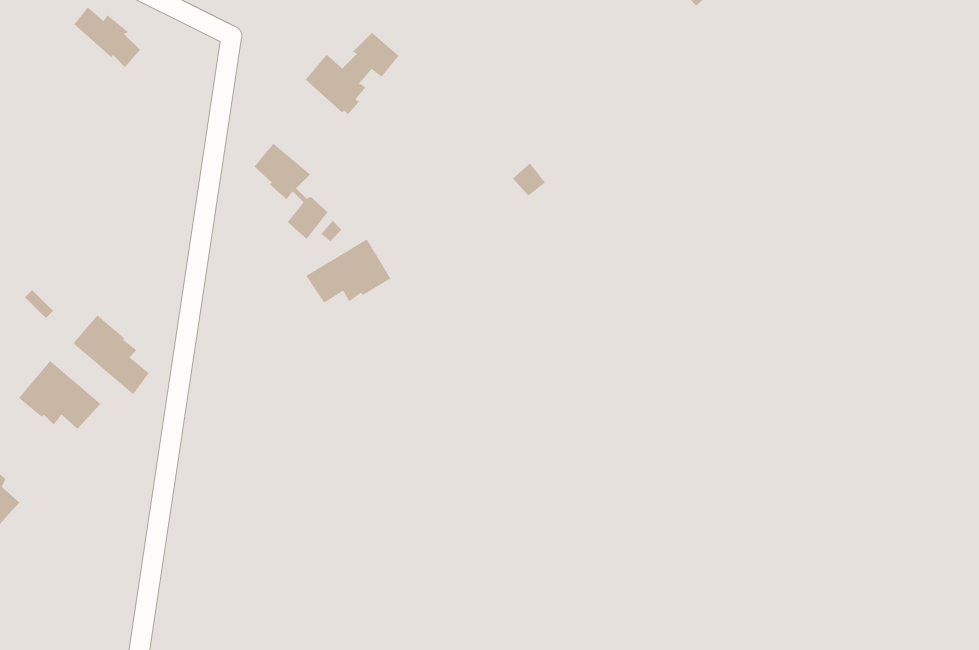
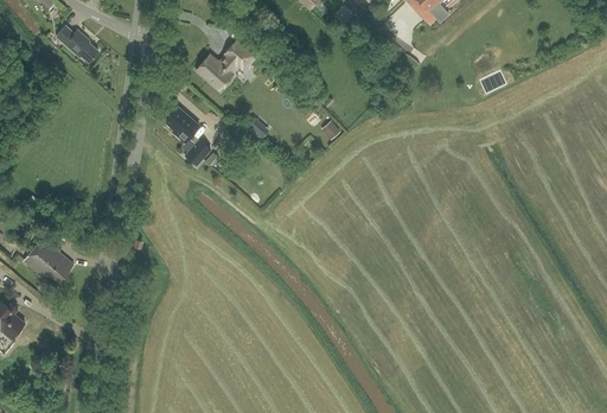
building: [305,238,391,304] -> none
building: [73,314,150,395] -> none

